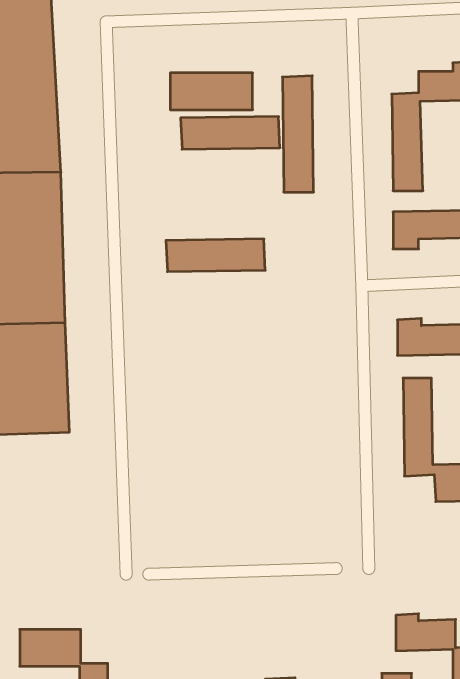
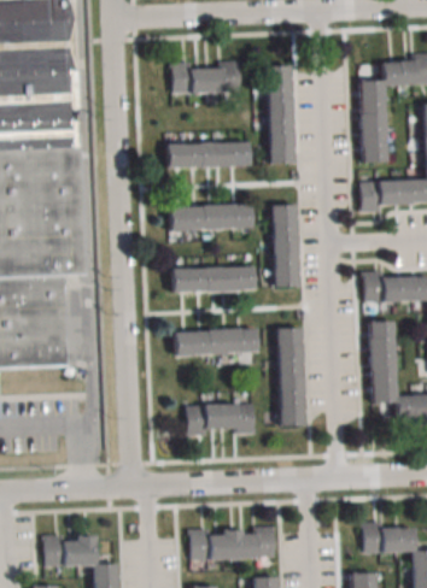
building: [181,117,280,149] -> [166,141,251,169]
building: none -> [273,204,299,287]
building: none -> [171,265,256,294]
building: none -> [174,328,258,355]
building: none -> [279,328,305,427]
building: none -> [187,404,258,435]
building: none -> [191,528,276,560]

